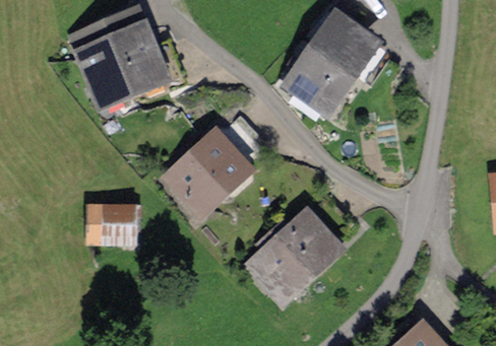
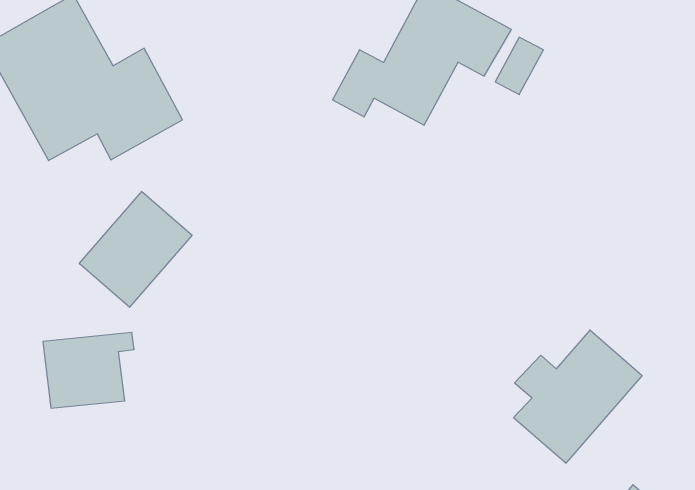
building: [175,139,243,206] -> [79,191,192,307]
building: [256,217,334,293] -> [514,330,642,463]

